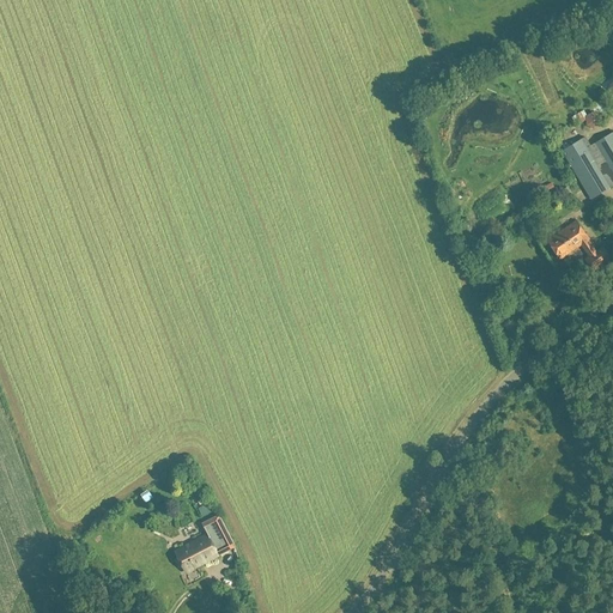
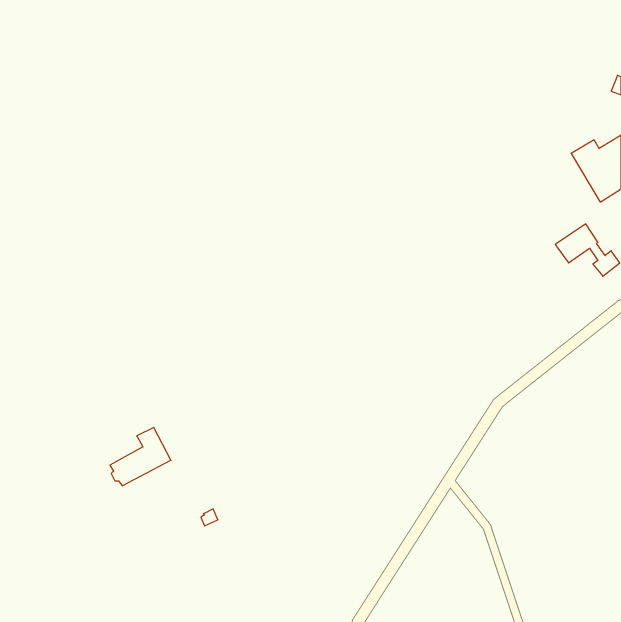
building: [174,515,233,572] -> [110,427,171,486]

